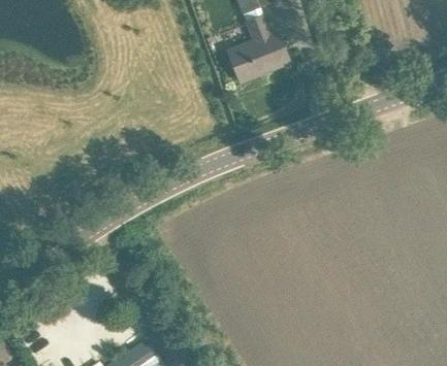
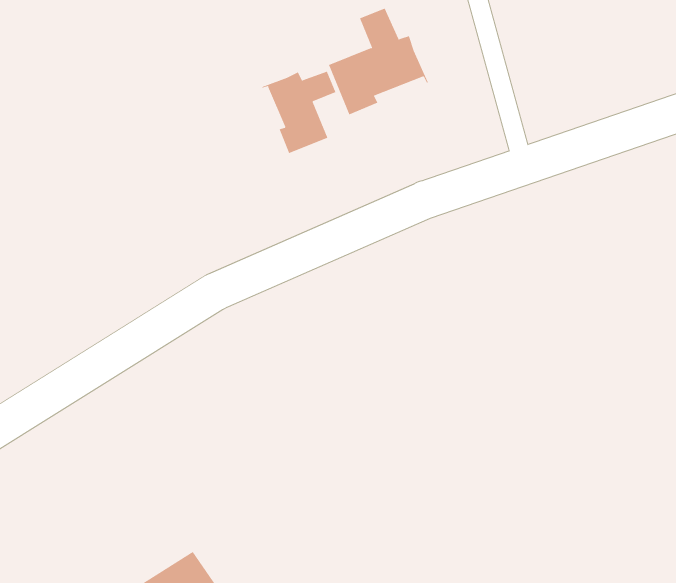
building: none -> [262,71,336,154]

